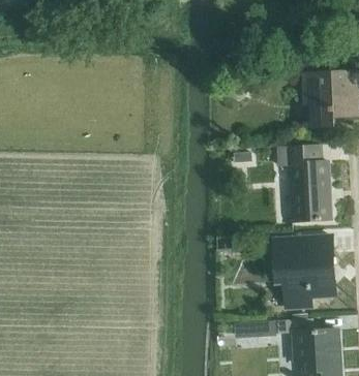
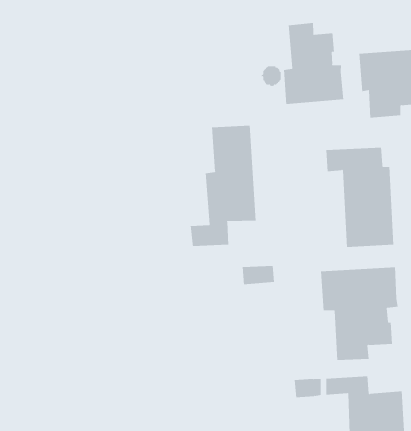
building: none -> [283,22,344,105]
building: none -> [190,125,256,247]

